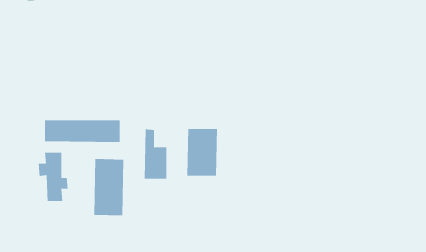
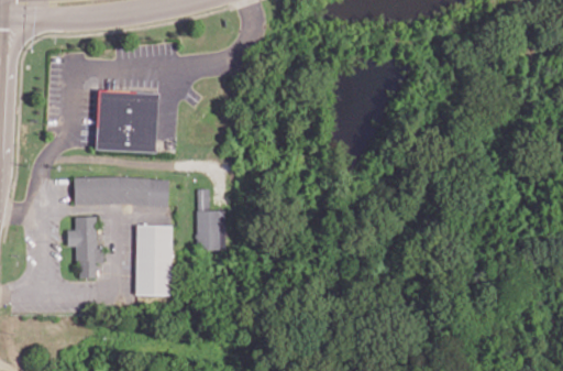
building: none -> [96,90,157,152]
building: [187,128,217,176] -> none

